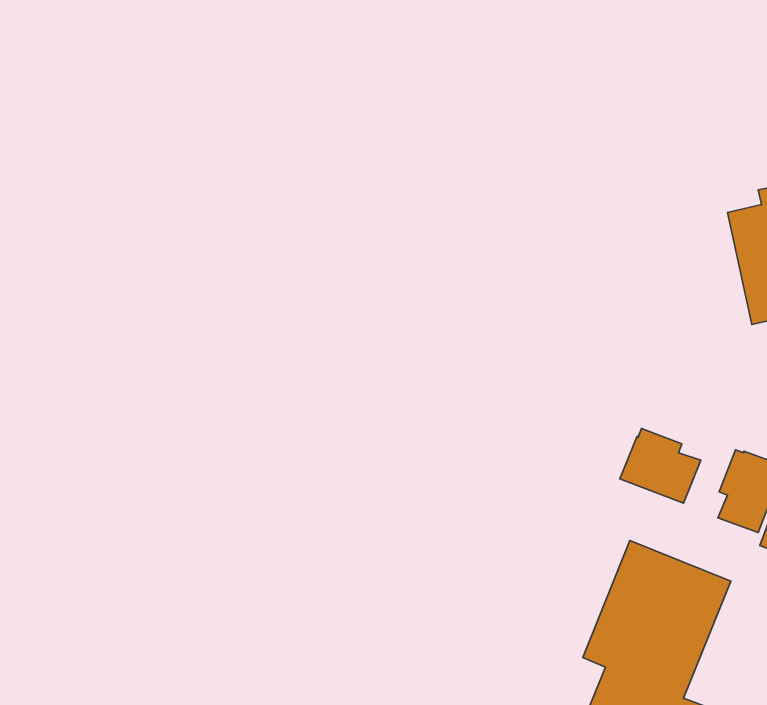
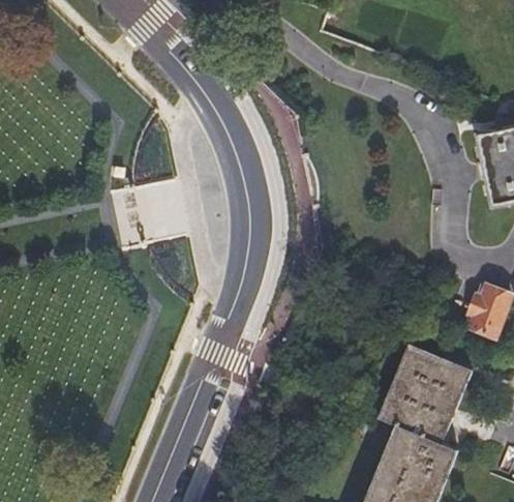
building: [620,428,701,503] -> none

